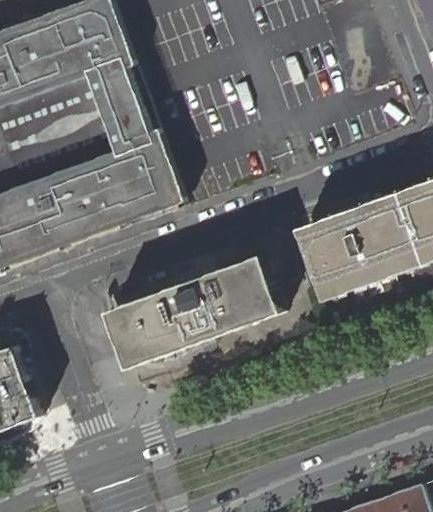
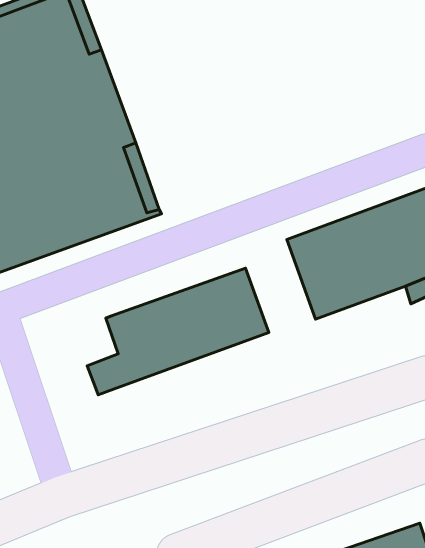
building: [101,300,142,343] -> none

